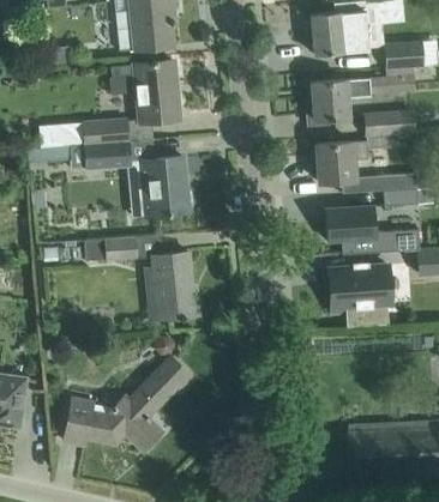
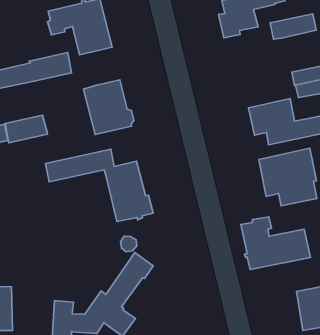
building: [84,140,131,167] -> [5,115,47,143]
building: [317,140,368,193] -> none
building: none -> [241,217,310,269]

